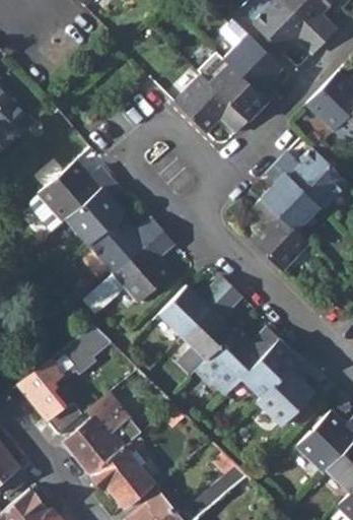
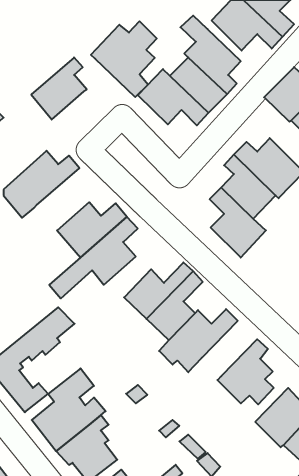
building: none -> [91,21,157,97]
building: [69,179,127,244] -> [31,57,87,120]
building: [241,338,299,396] -> none

